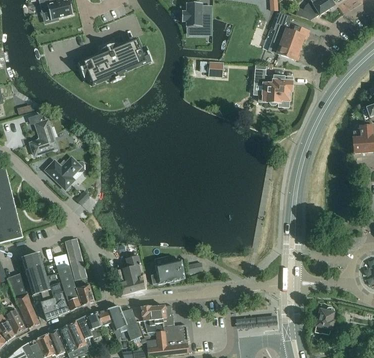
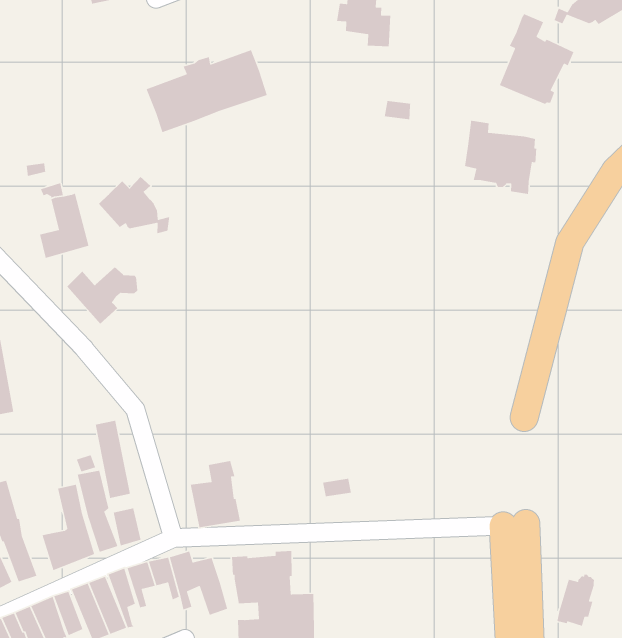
building: none -> [98,176,170,234]
building: [22,252,52,300] -> none
building: [151,260,185,284] -> none

